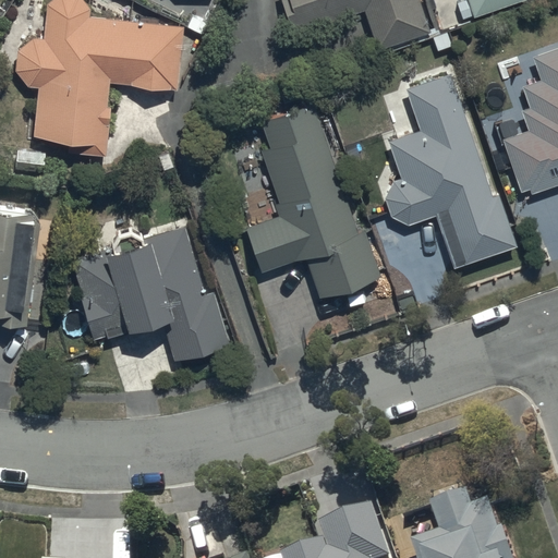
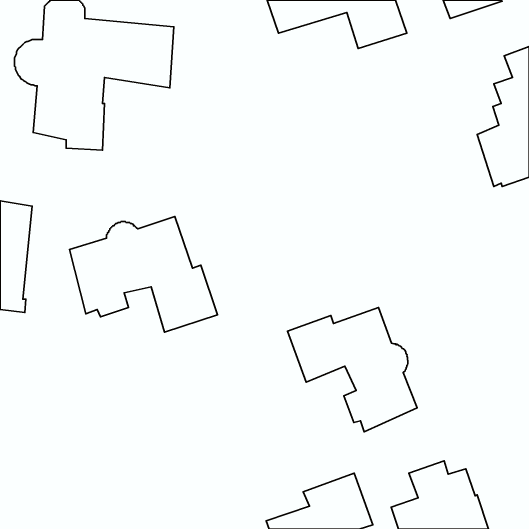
building: [383,77,517,271] -> none
building: [246,107,375,284] -> none
building: none -> [288,307,417,432]

